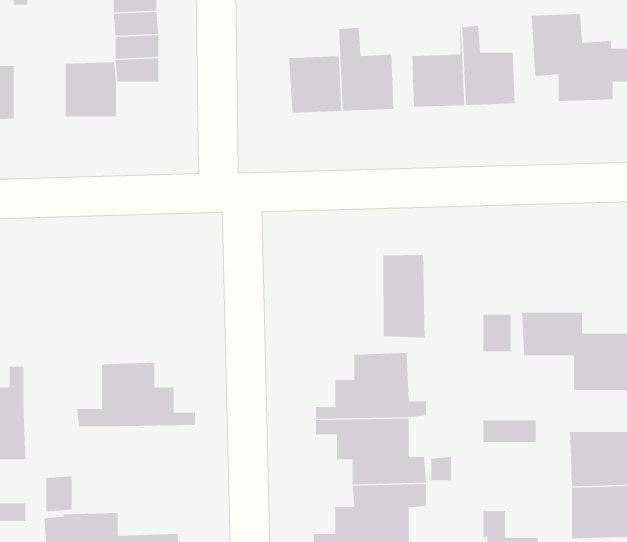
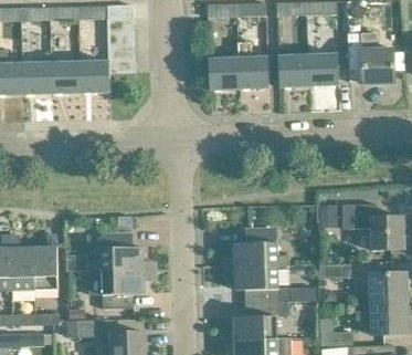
building: none -> [51,61,80,93]
building: [382,254,426,338] -> none
building: none -> [101,269,156,307]

